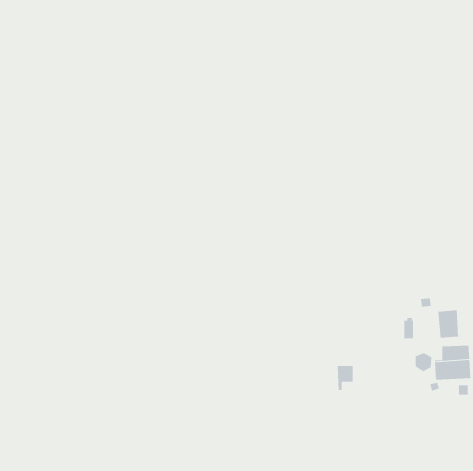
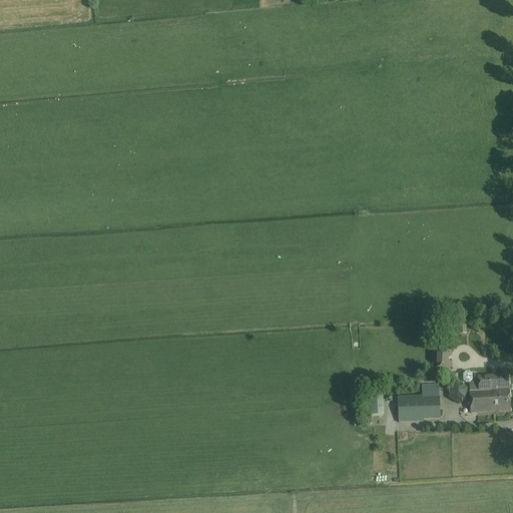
building: [438,310,458,339] -> none
building: none -> [397,384,440,422]

